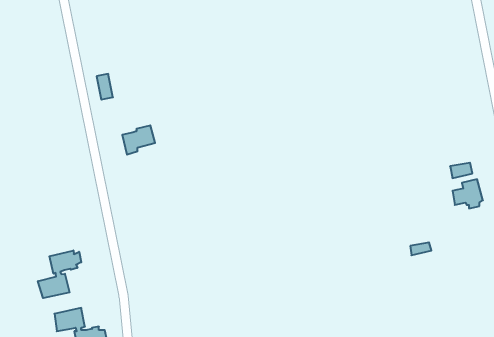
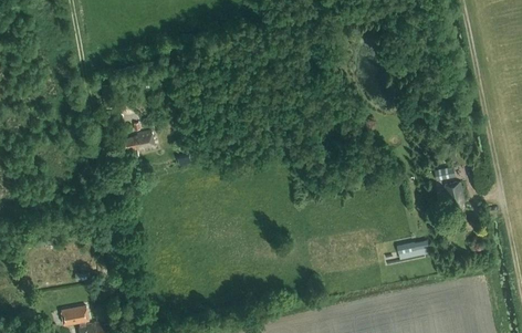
building: [38,250,81,298] -> none

